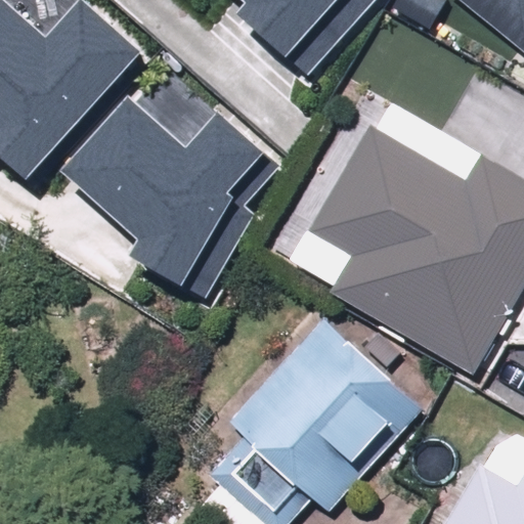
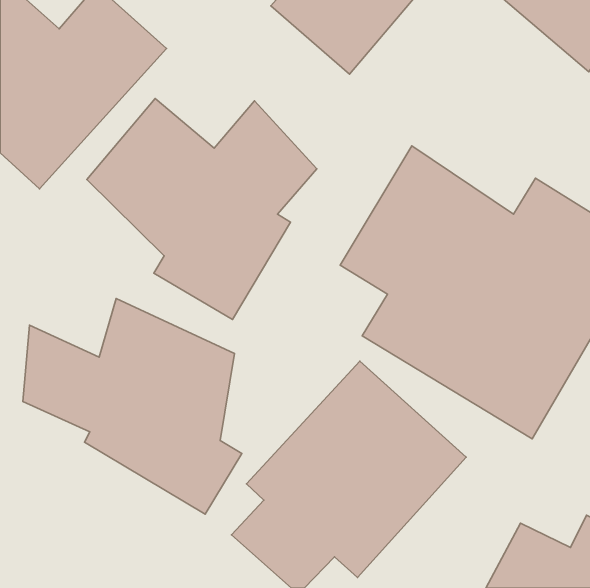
building: none -> [23,298,242,514]

